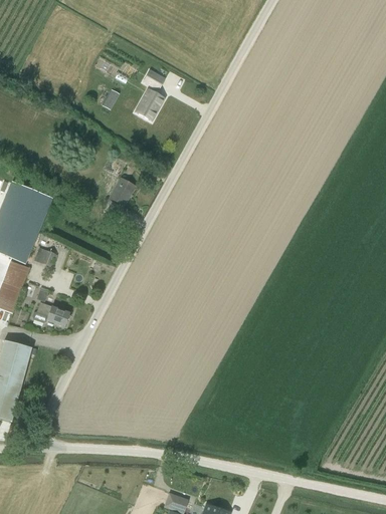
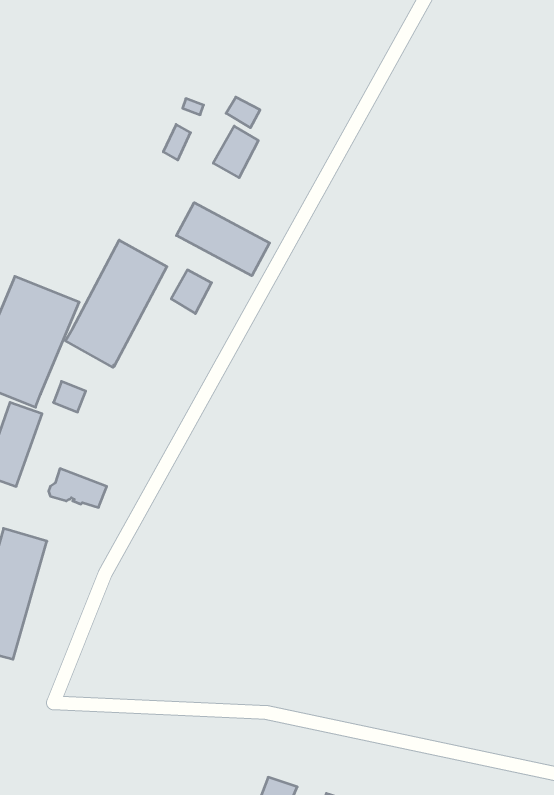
building: none -> [176,203,270,276]
building: none -> [66,240,167,367]

